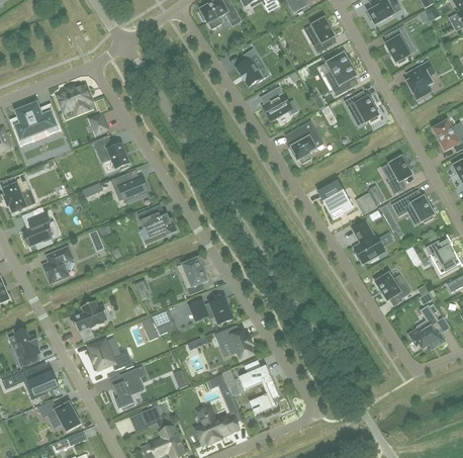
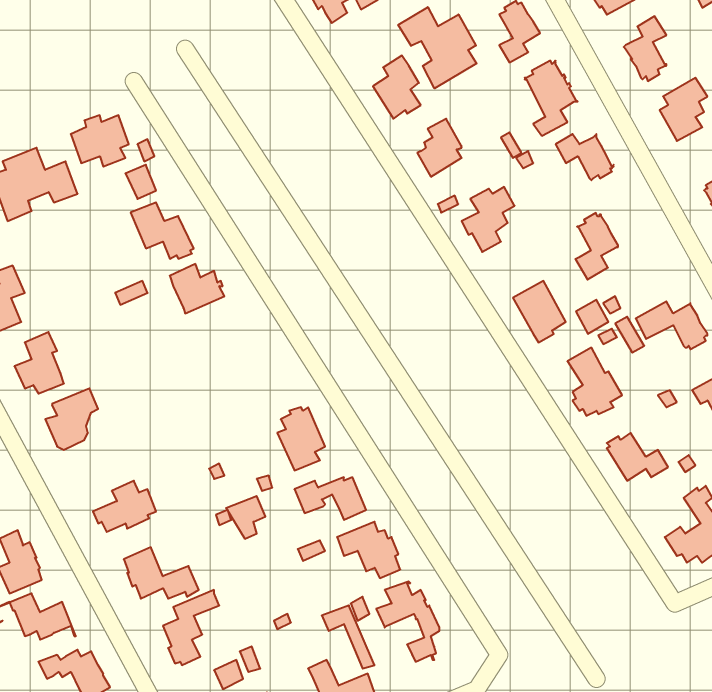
building: none -> [398,7,477,88]
building: [387,155,412,194] -> [575,213,618,280]
building: [137,204,178,238] -> none

